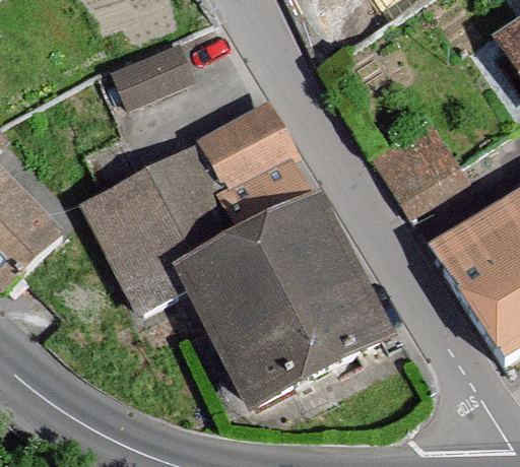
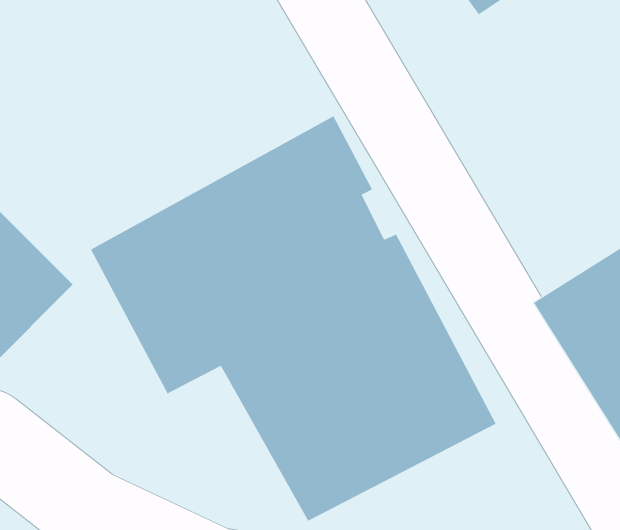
building: [112,38,198,107] -> none

